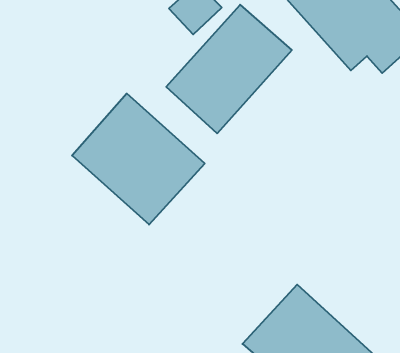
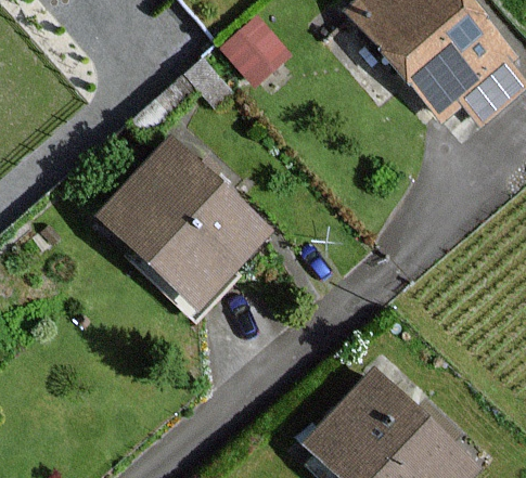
building: [166,5,292,133] -> none

